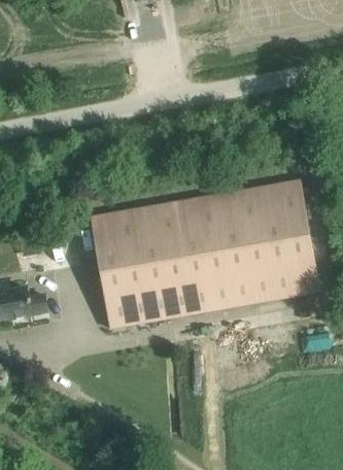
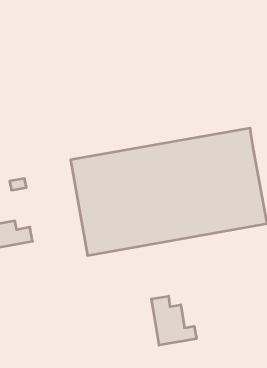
building: none -> [151,296,196,345]

